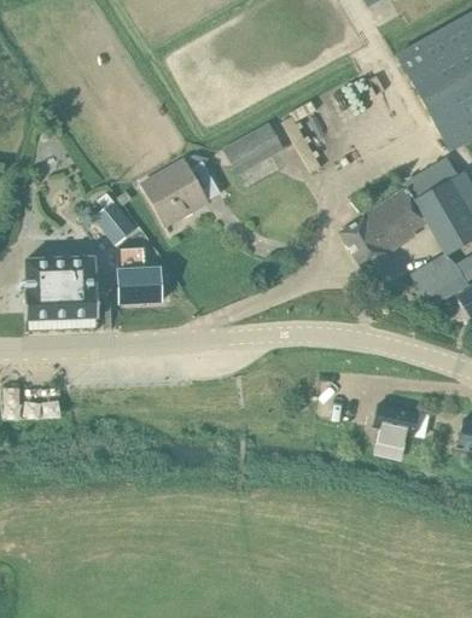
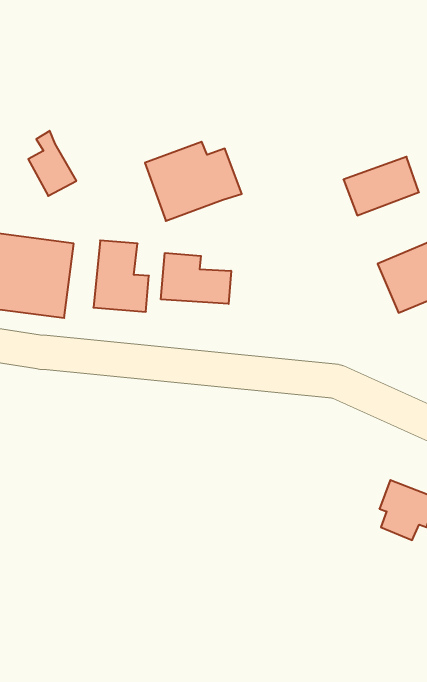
building: [223,122,285,175] -> [343,157,419,215]
building: [95,192,136,244] -> [28,131,76,196]
building: none -> [161,253,231,304]

